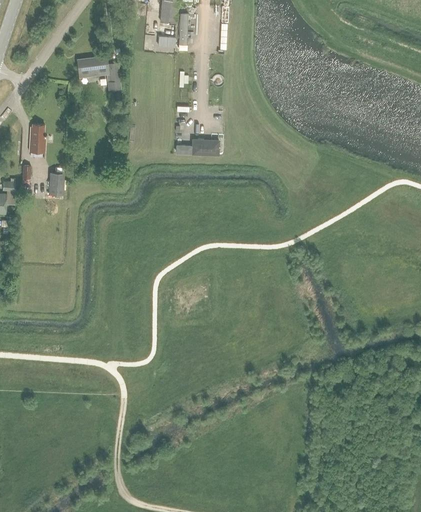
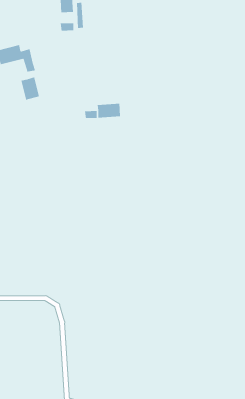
building: none -> [21,77,39,100]

